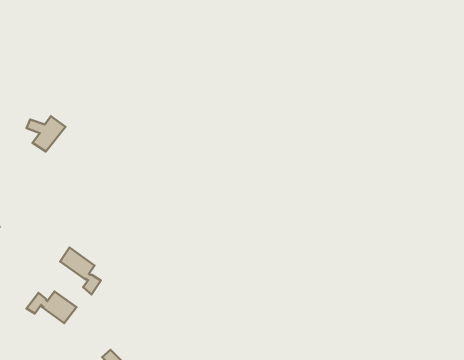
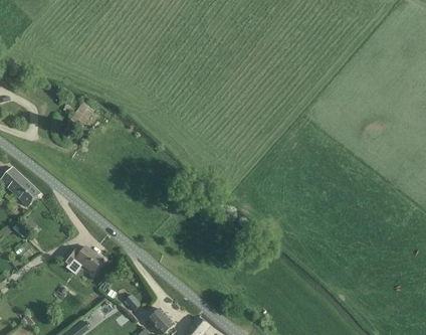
building: [60,247,101,295] -> none

